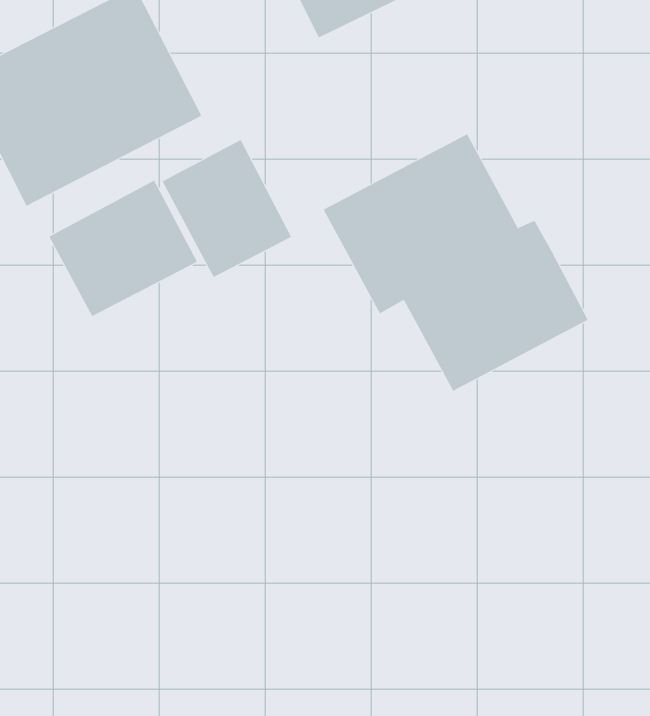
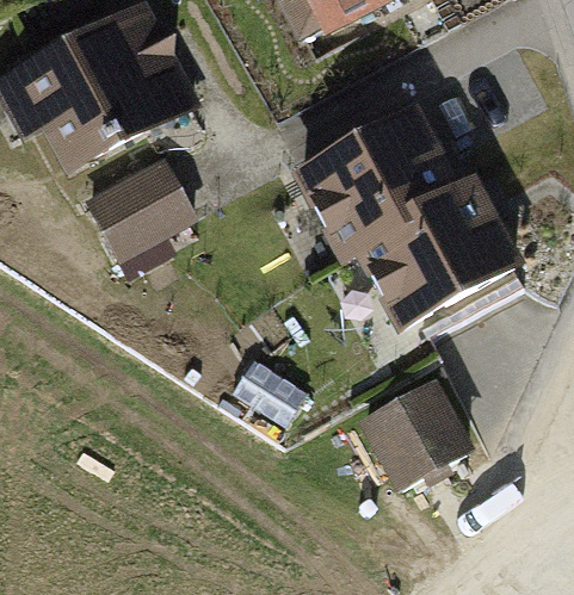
building: [162,139,292,278] -> none
building: none -> [369,380,474,482]

